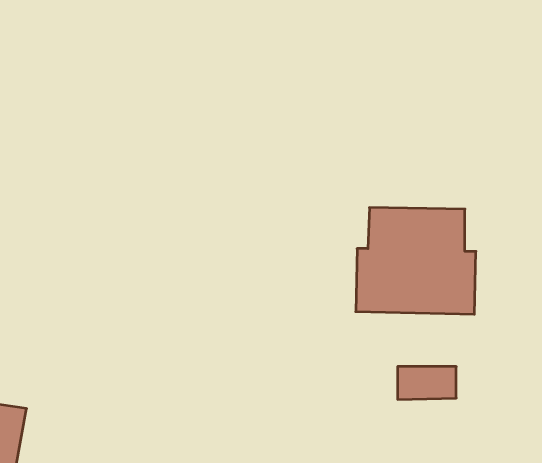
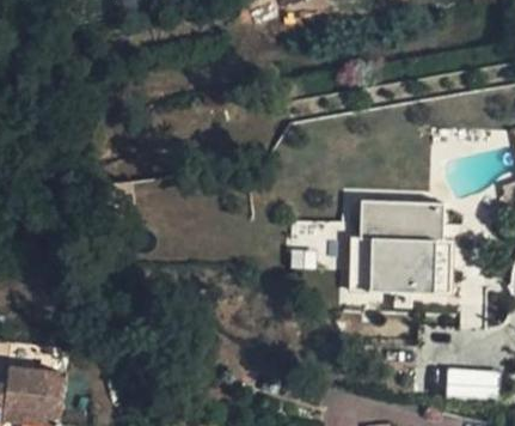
building: [398,367,456,399] -> [443,371,495,400]

